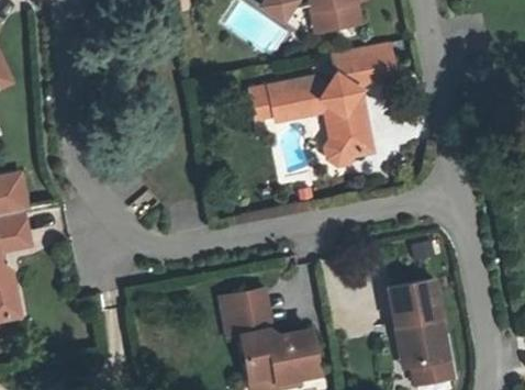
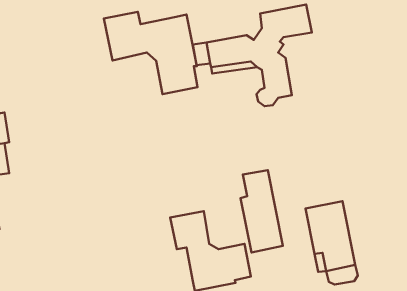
building: none -> [104,12,197,94]
building: none -> [241,170,283,252]

